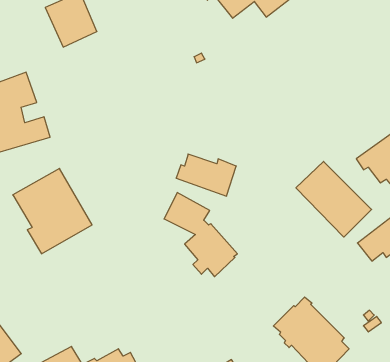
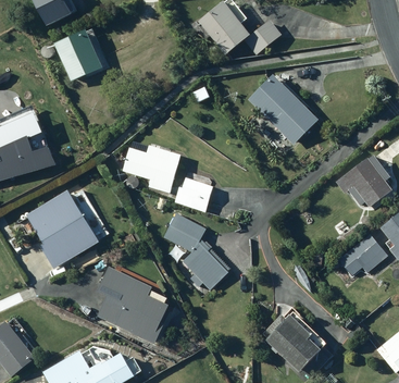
building: none -> [122,141,179,192]
building: [296,161,372,237] -> [249,75,317,144]
building: none -> [96,267,169,343]

